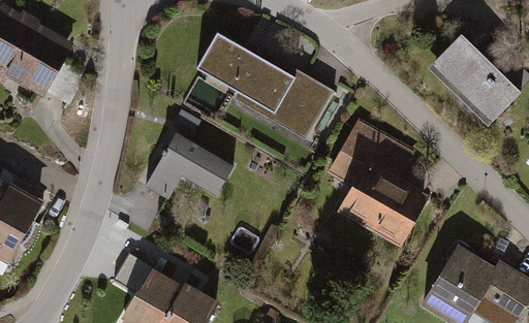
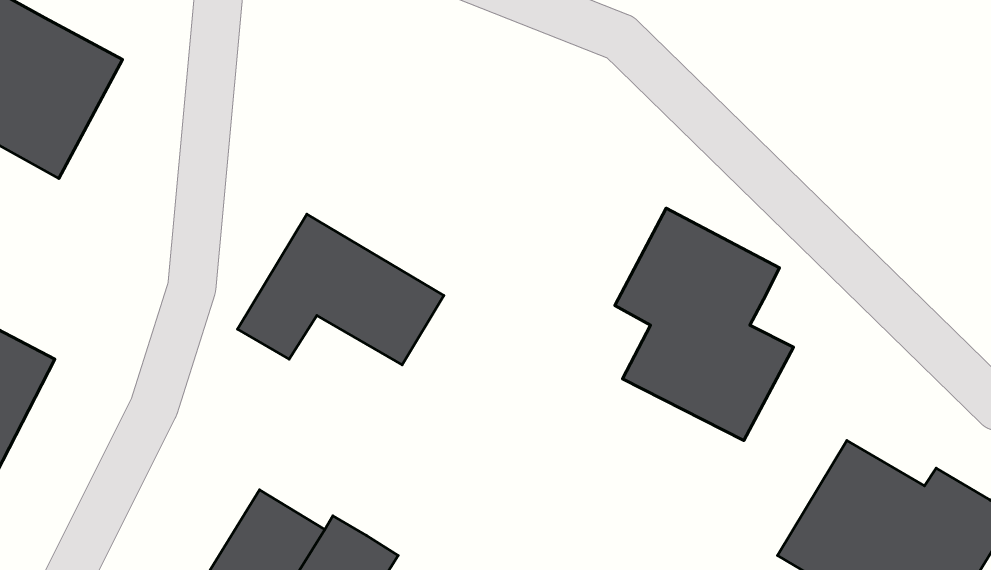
building: [190,29,338,147] -> none
building: [423,30,518,124] -> none

